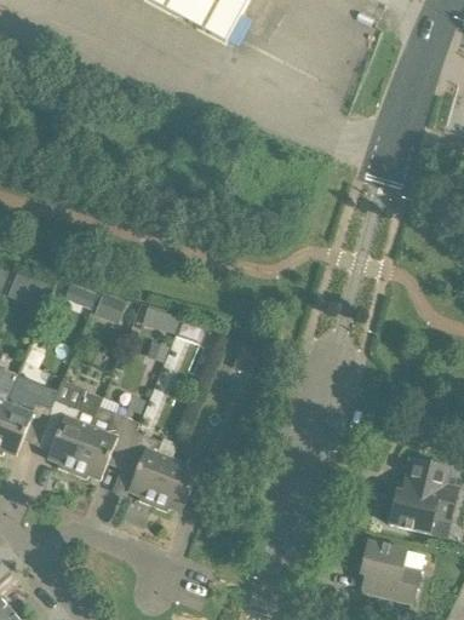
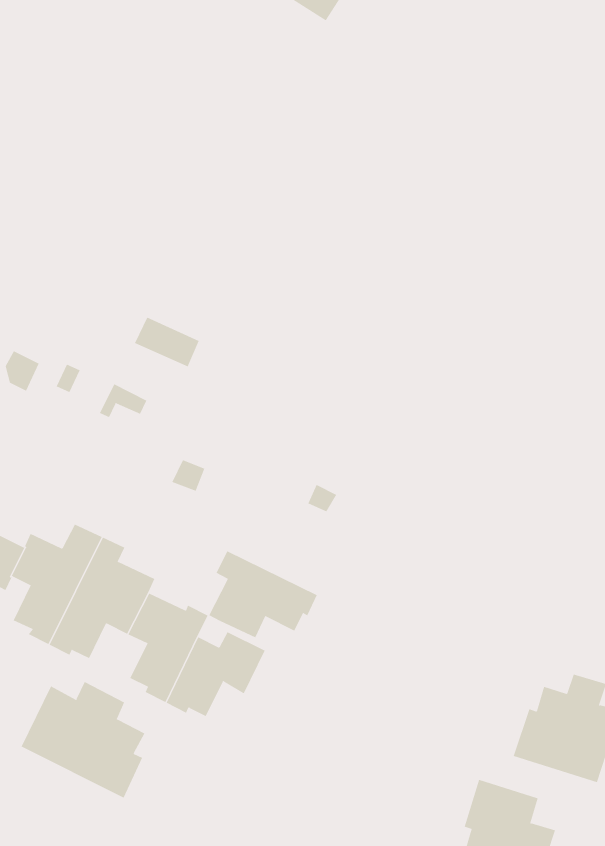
building: [134,302,178,333] -> [134,317,199,367]
building: none -> [209,550,318,638]
building: none -> [21,681,145,799]

